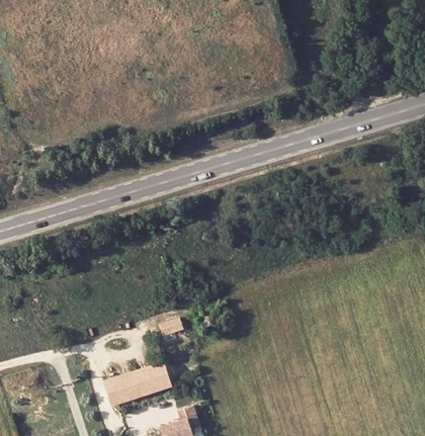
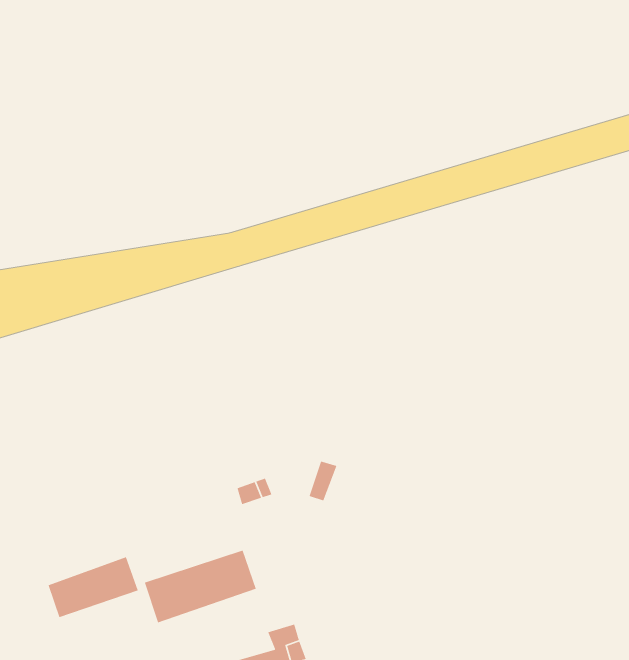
building: none -> [48,556,139,618]

